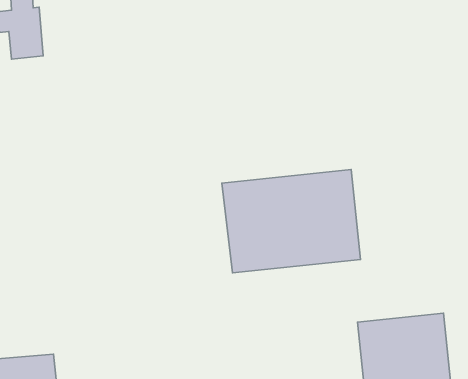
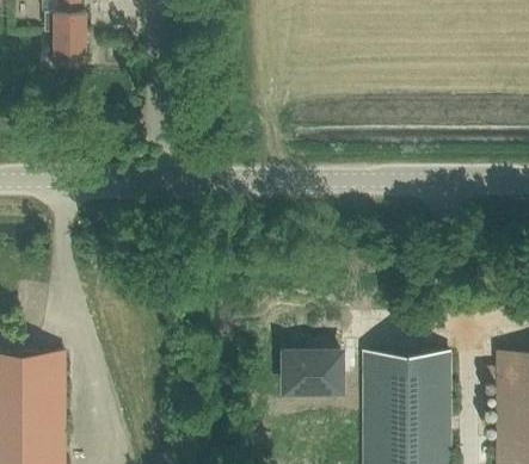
building: [222,170,361,273] -> none
building: none -> [283,353,339,392]

